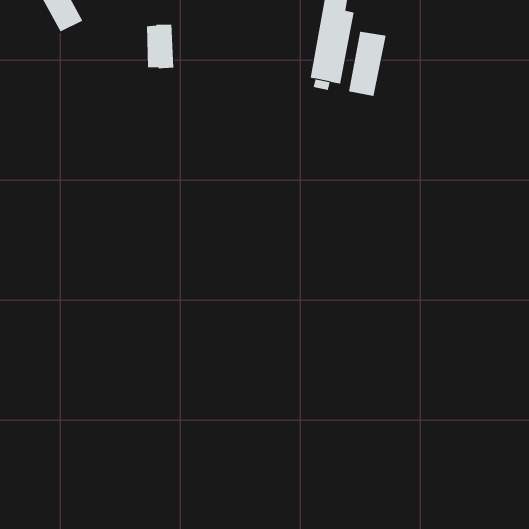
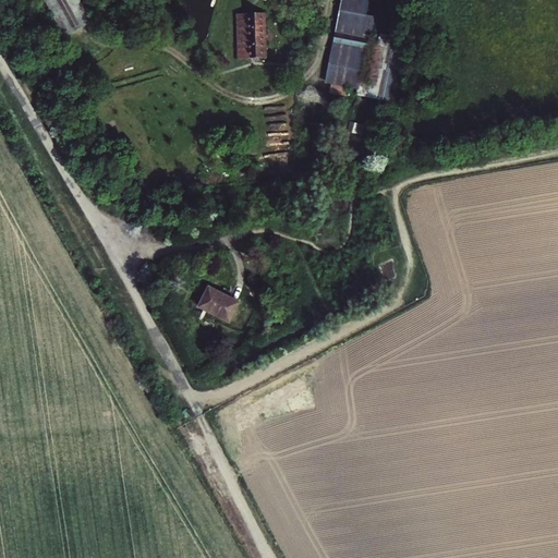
building: [146,24,174,69] -> [236,11,266,58]
building: none -> [201,288,234,316]

